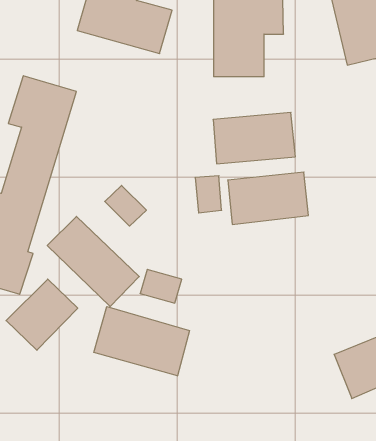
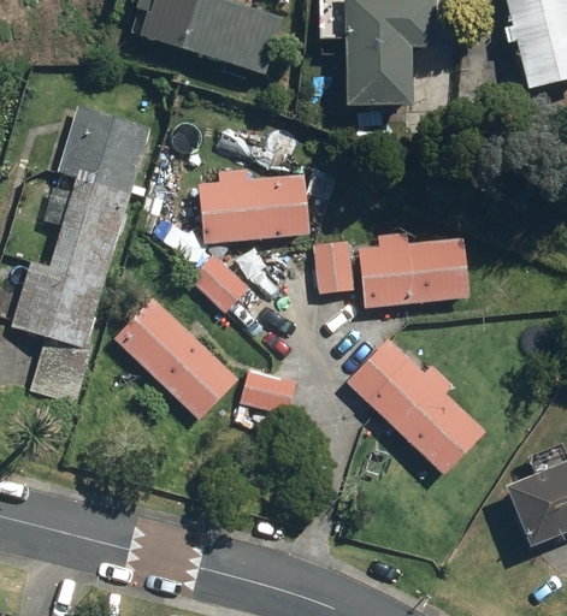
building: [213,112,295,164] -> [199,173,311,243]
building: none -> [345,336,485,474]
building: [6,279,78,350] -> none
building: [94,307,190,376] -> none

